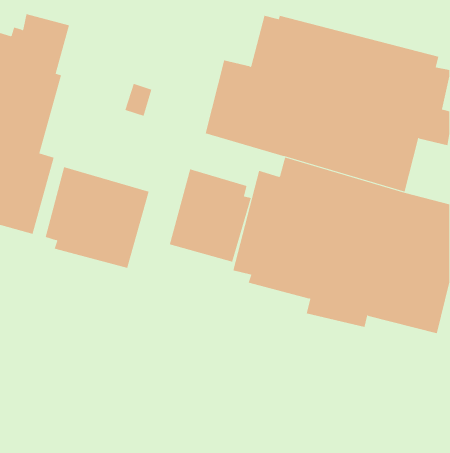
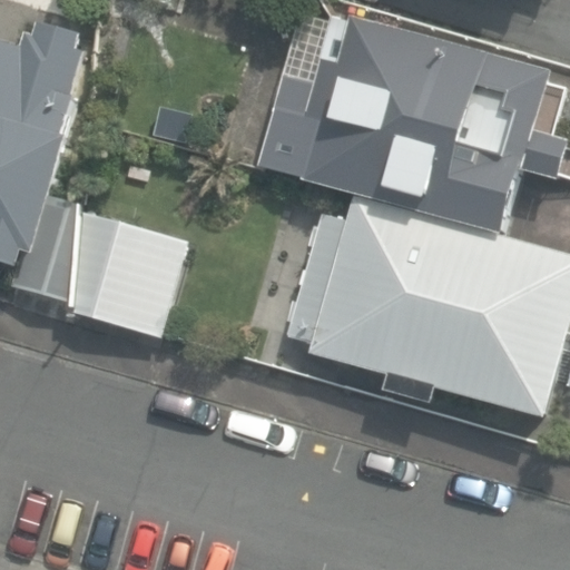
building: [169,169,251,262] -> none

